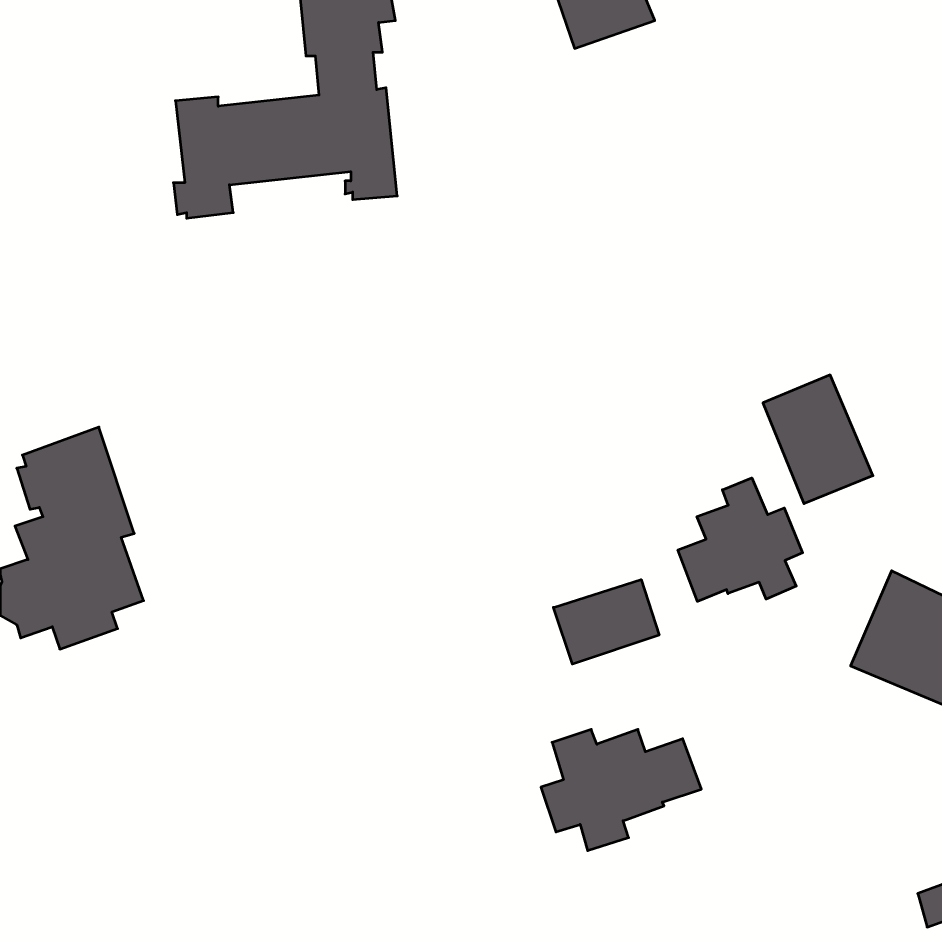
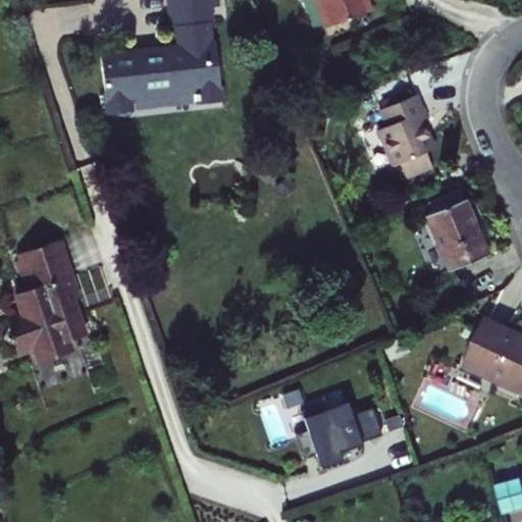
building: none -> [377,101,431,185]
building: [678,478,803,601] -> none
building: [553,580,659,664] -> none

